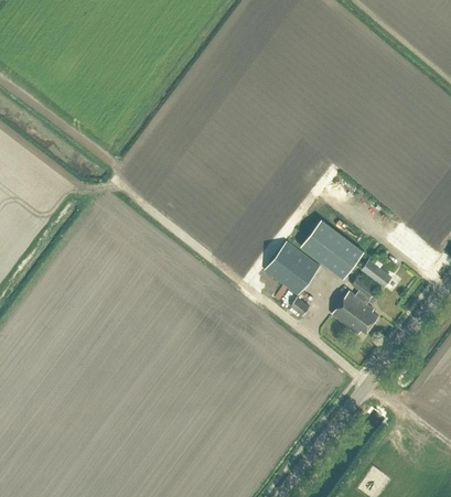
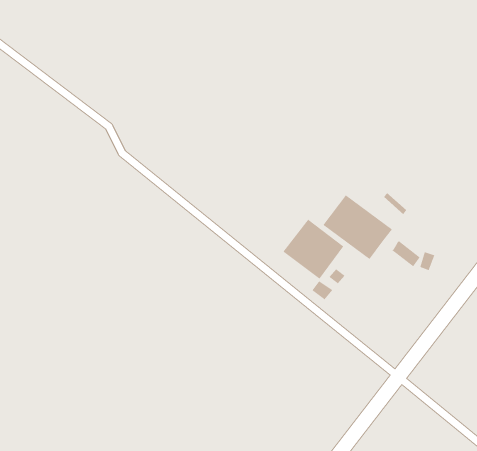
building: [332,278,378,335] -> none

